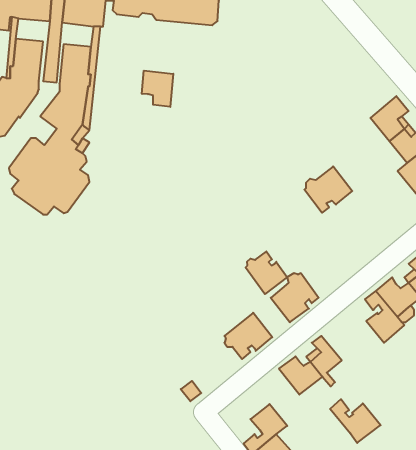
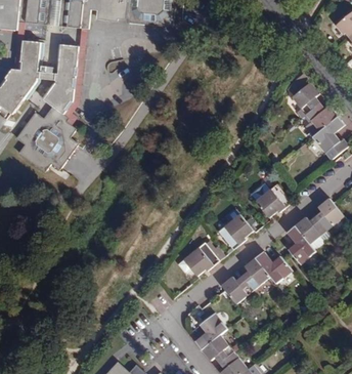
building: [142,71,173,107] -> none
building: [304,166,352,213] -> [255,182,291,217]
building: [246,251,287,294] -> none
building: [330,399,381,443] -> [253,253,291,286]

